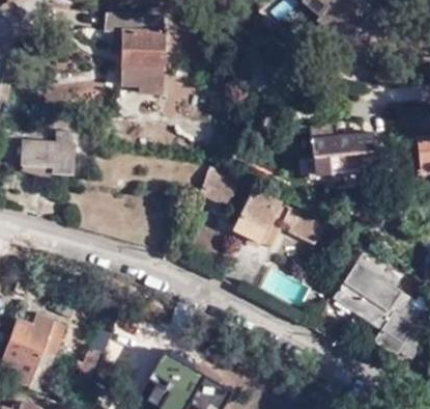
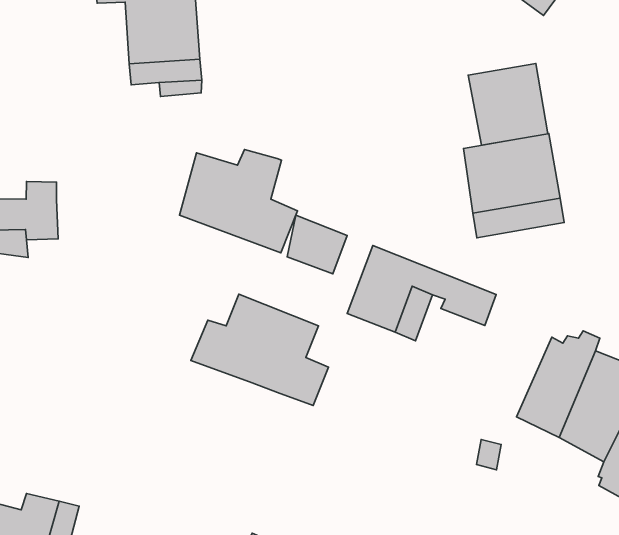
building: none -> [468,64,548,145]
building: none -> [179,150,297,253]
building: none -> [191,294,329,406]

